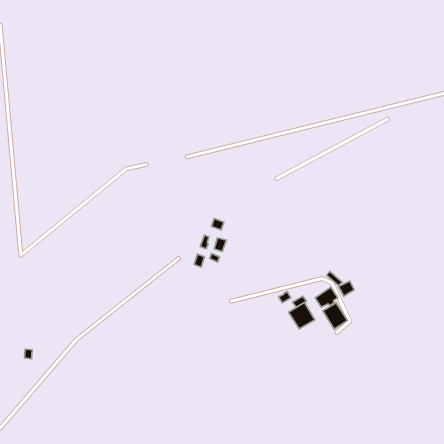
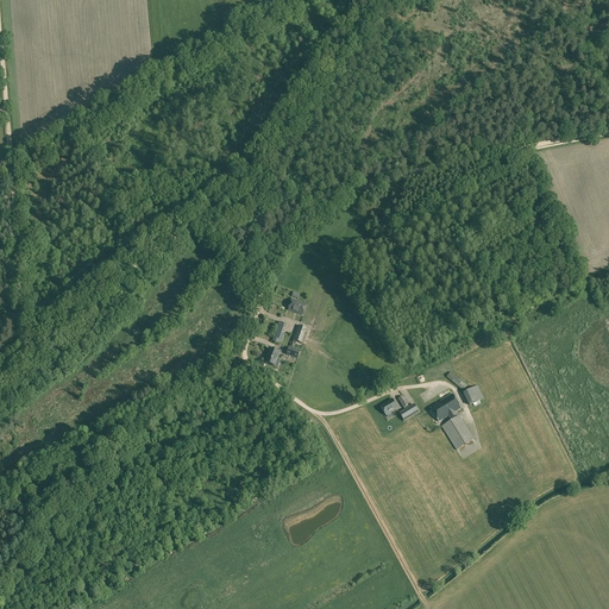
building: [289,302,315,329] -> none

